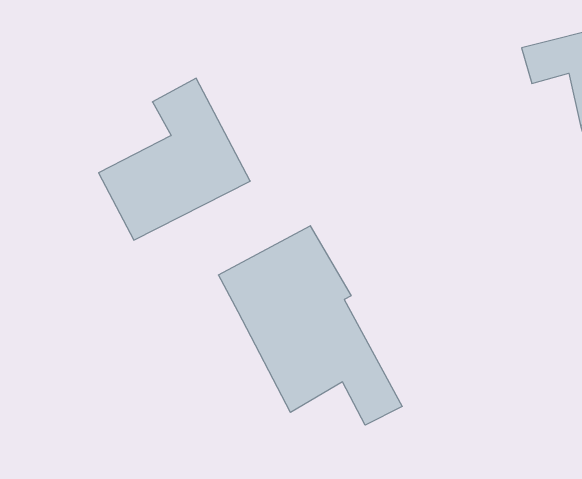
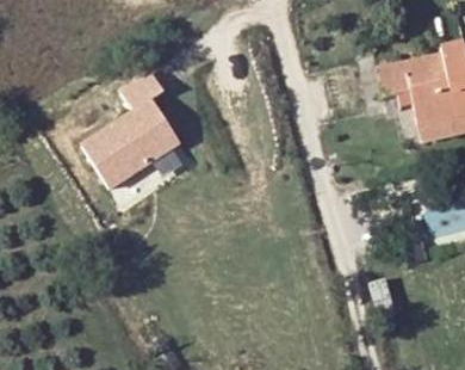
building: [218,226,402,425] -> none

